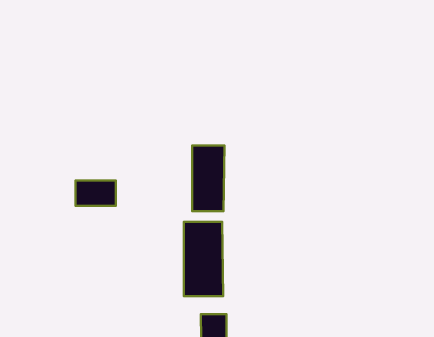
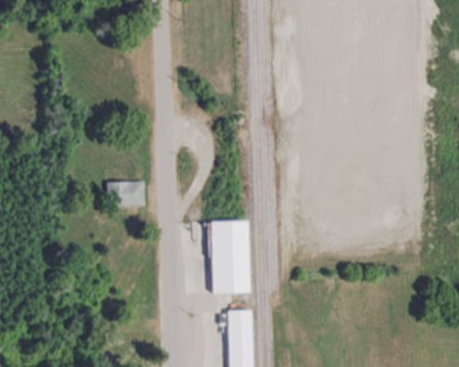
building: [192,146,225,211] -> none

